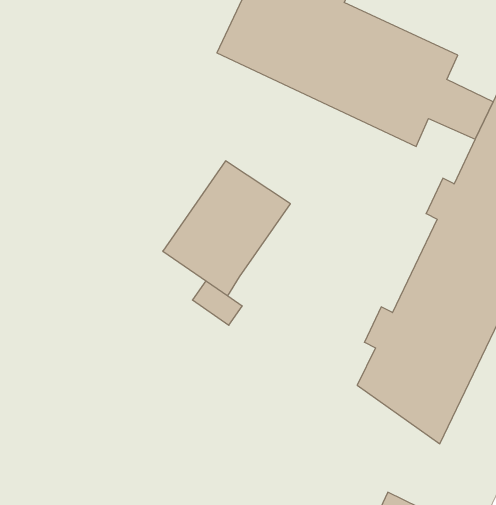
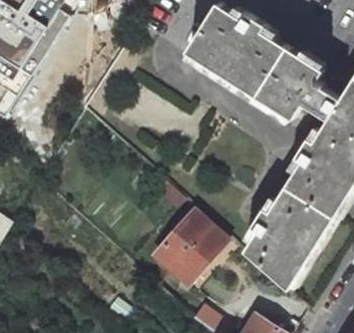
building: [163,161,290,296] -> [153,208,230,285]

